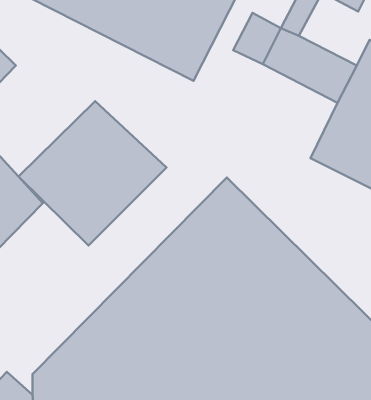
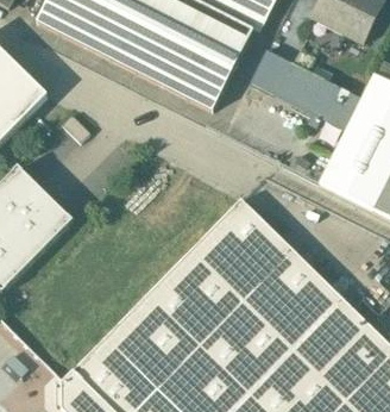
building: [18,101,167,246] -> none

